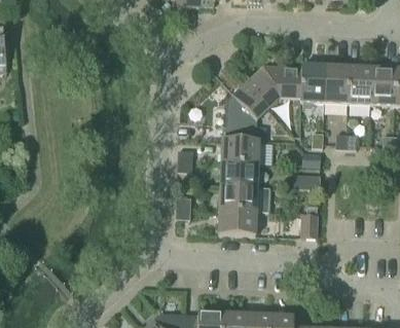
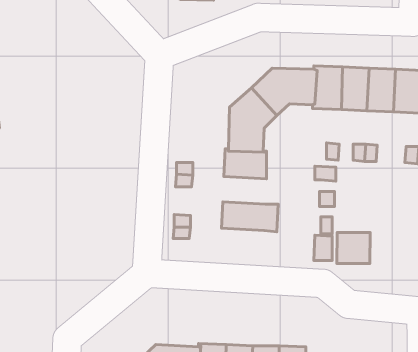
building: [219,162,258,187] -> none
building: [217,209,256,235] -> none
building: none -> [337,232,370,263]

